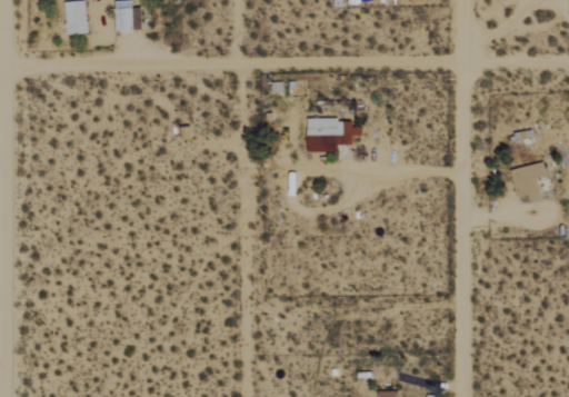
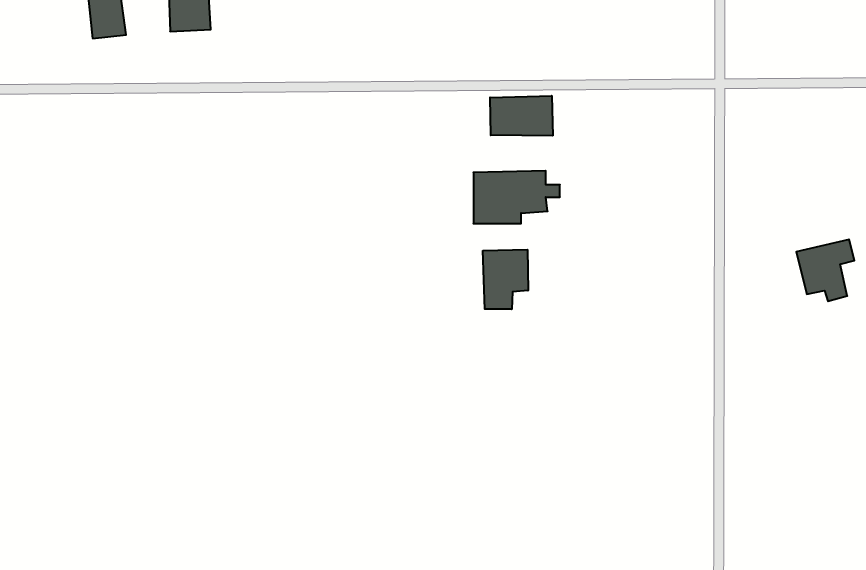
building: none -> [490,96,553,136]
building: none -> [483,250,528,309]

